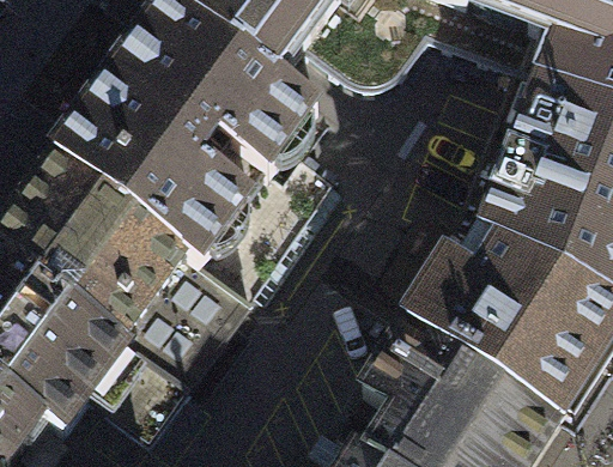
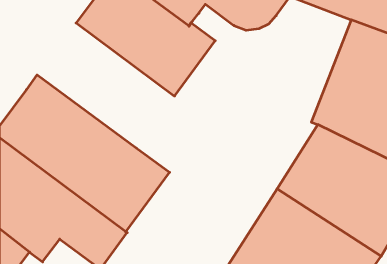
building: [56,80,259,265] -> none

